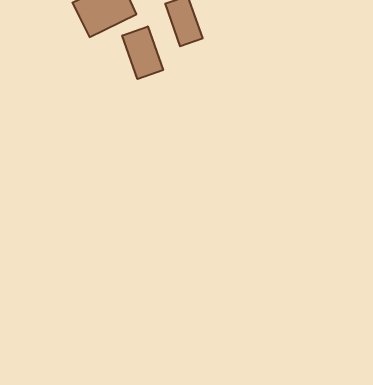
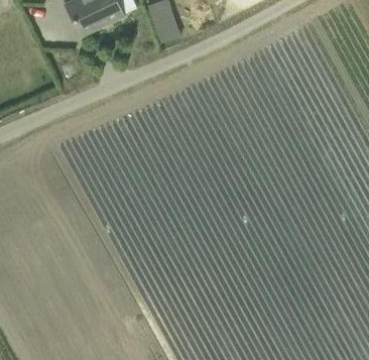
building: [122,26,163,79] -> none

